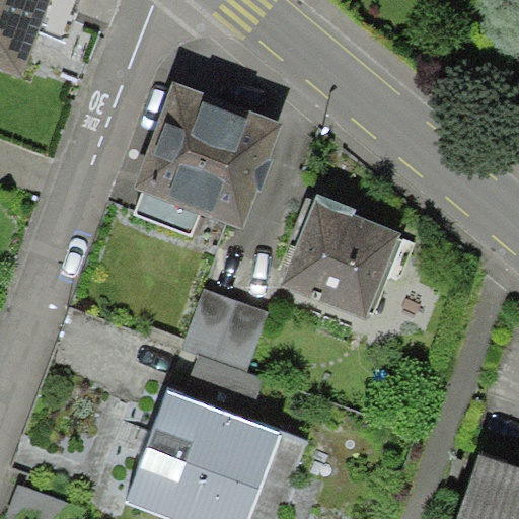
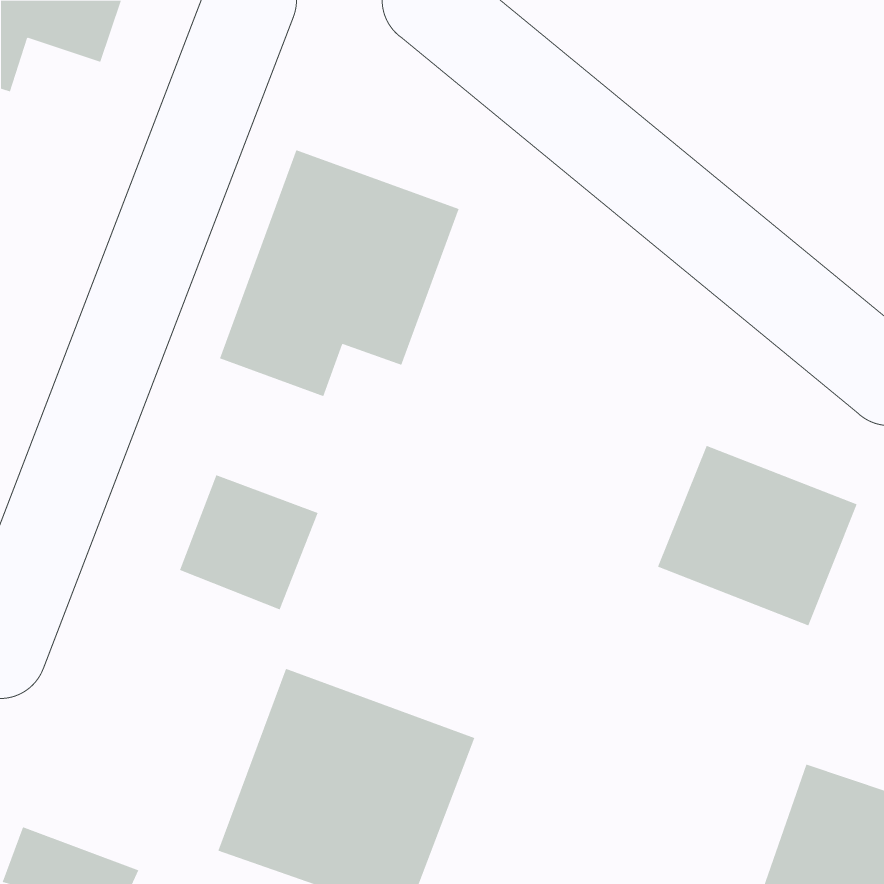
building: [286,207,402,312] -> [657,445,857,626]
building: [186,290,267,369] -> [179,475,318,610]

